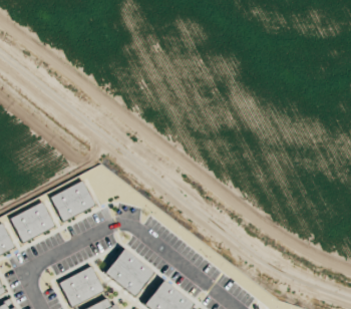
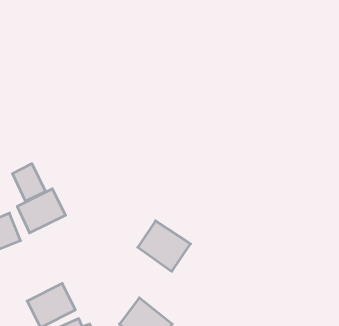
building: none -> [12,164,46,201]
building: [105,249,153,295] -> [138,221,191,271]

